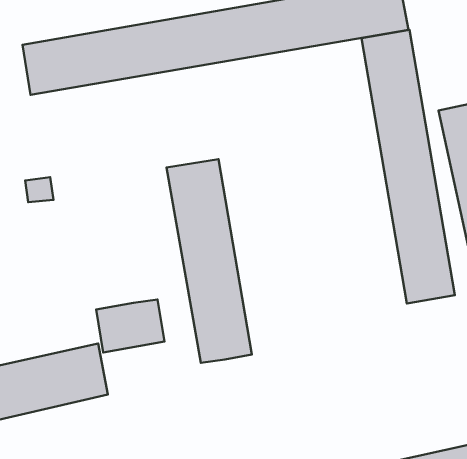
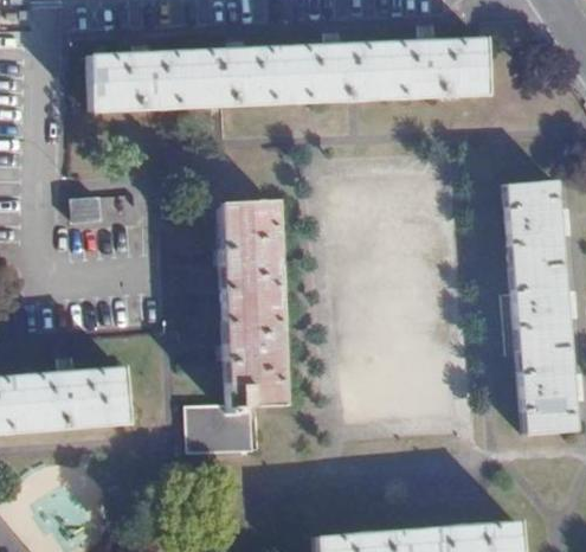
building: [361,30,455,304] -> none
building: [96,300,164,353] -> [188,404,253,450]

